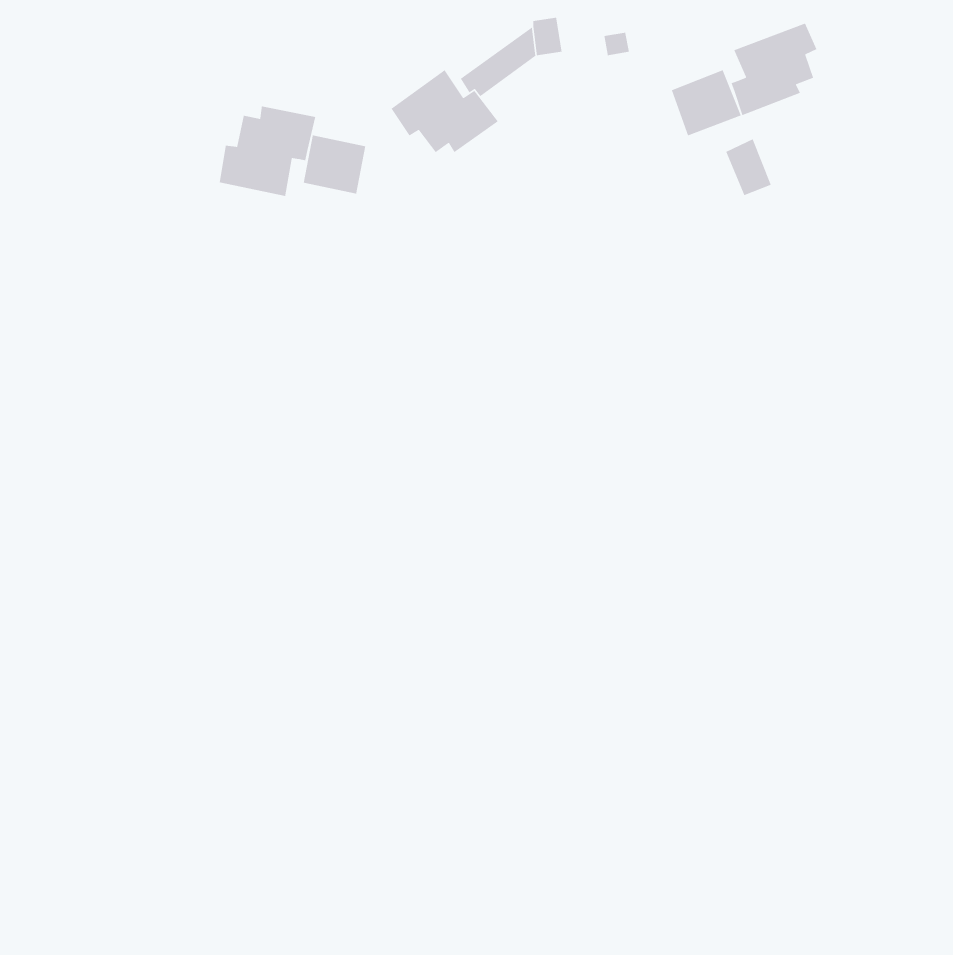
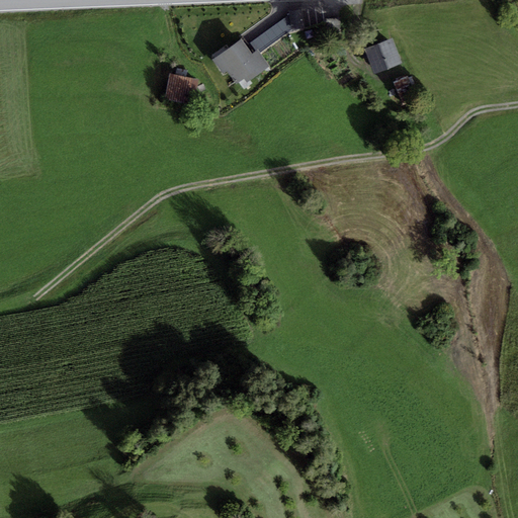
building: [731,22,817,116] -> none
building: [219,106,316,197] -> none

